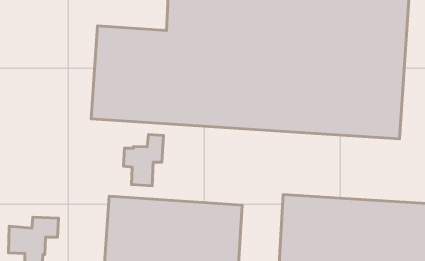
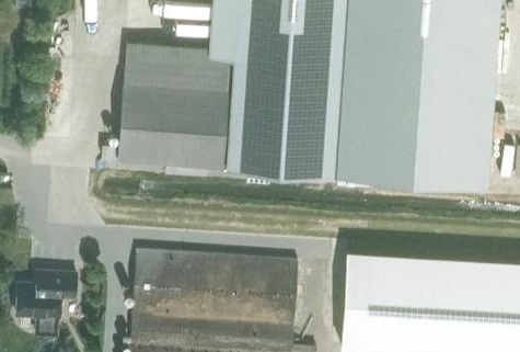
building: [124,135,164,186] -> none

